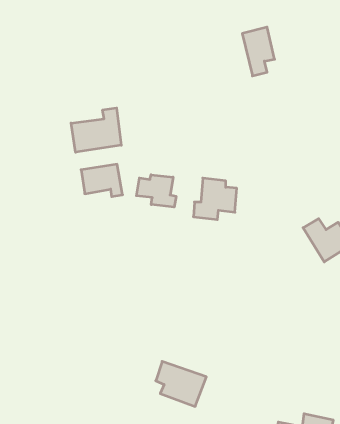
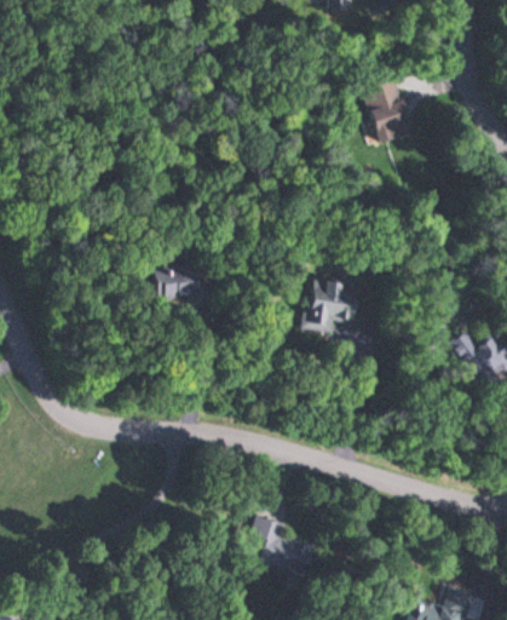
building: [71,108,121,152] -> none
building: [136,175,176,207] -> none

